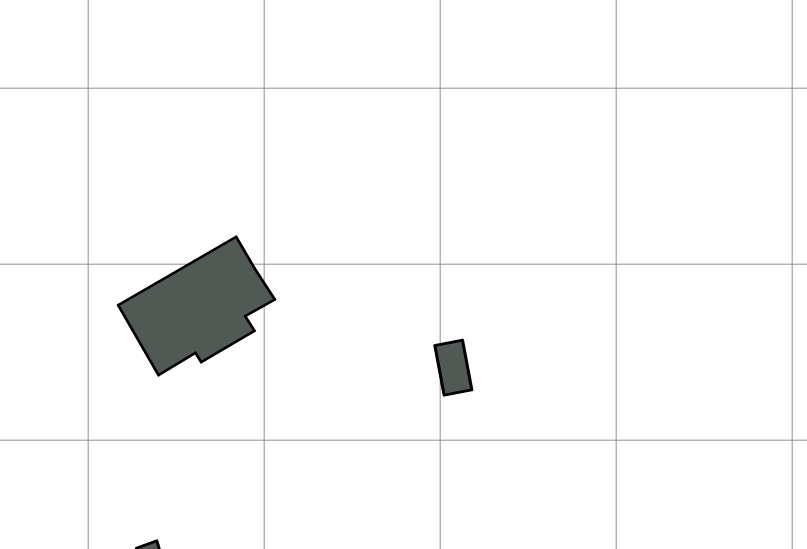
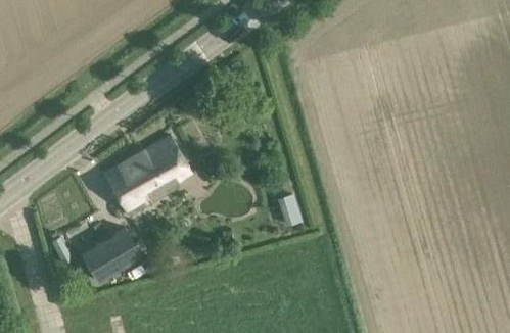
building: none -> [83,230,141,283]

